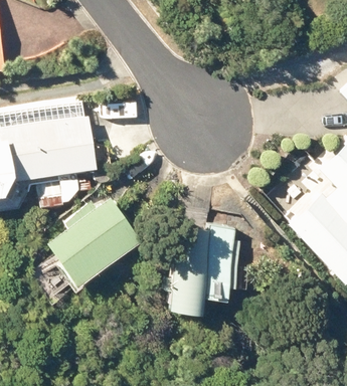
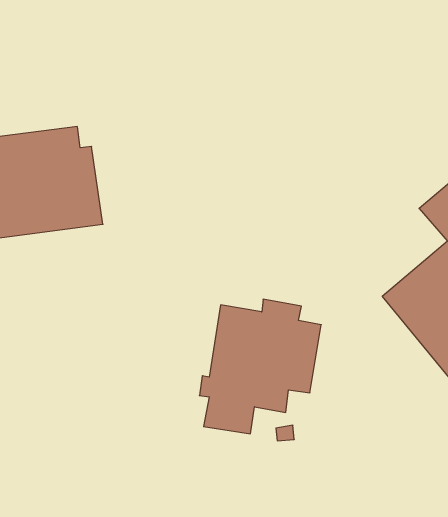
building: [46,197,140,284] -> none

